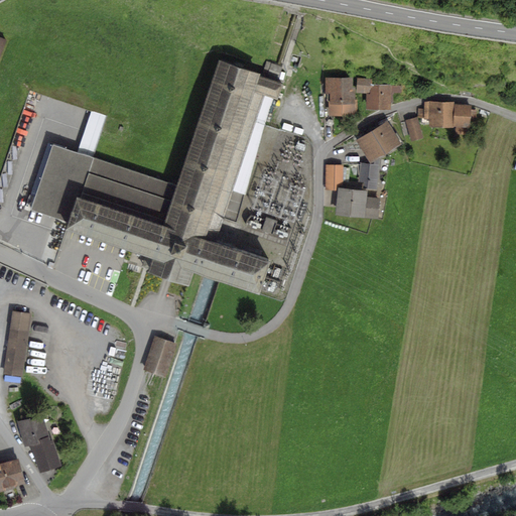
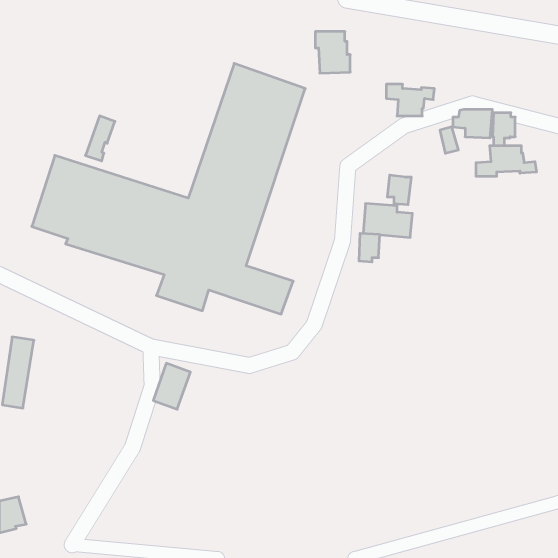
building: [325,77,357,115] -> [315,32,350,73]
building: [355,120,400,162] -> none
building: none -> [476,146,536,176]
building: [324,163,343,189] -> [359,233,380,262]
building: [17,414,59,471] -> none

